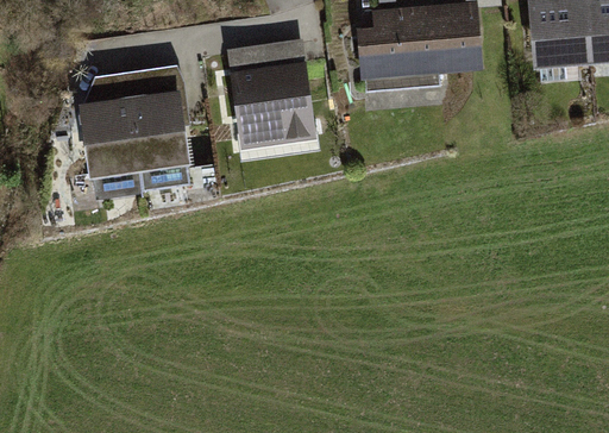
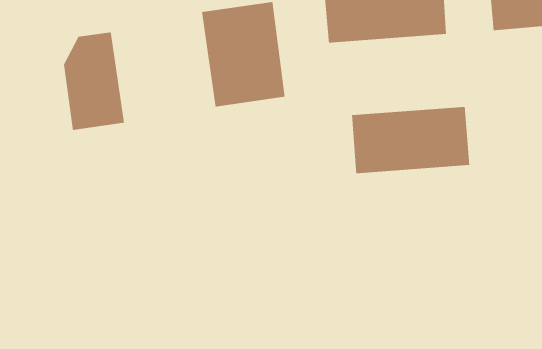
building: [131,65,194,168] -> none
building: none -> [351,106,470,174]

